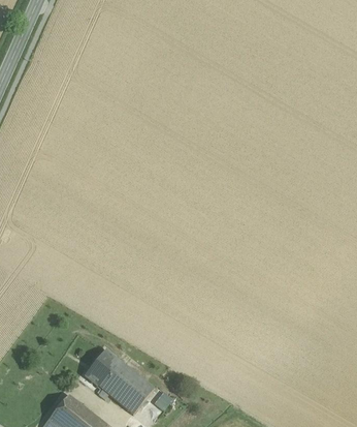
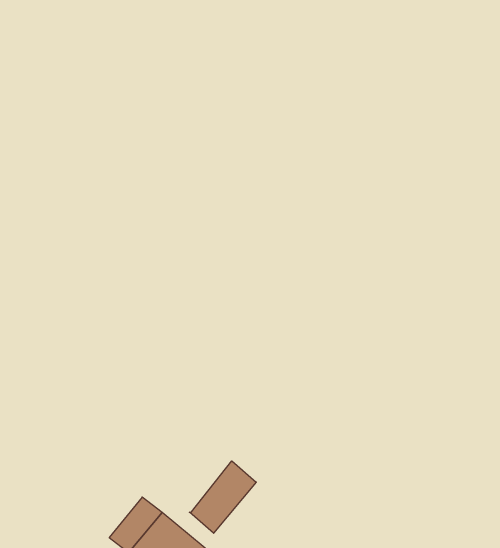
building: none -> [189,461,256,533]

